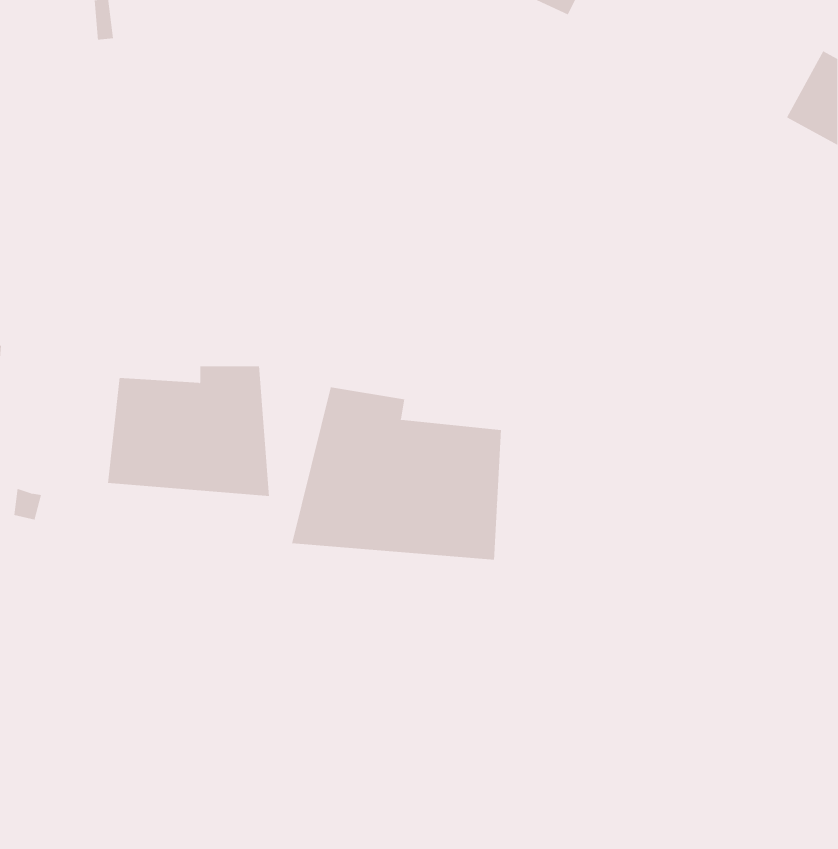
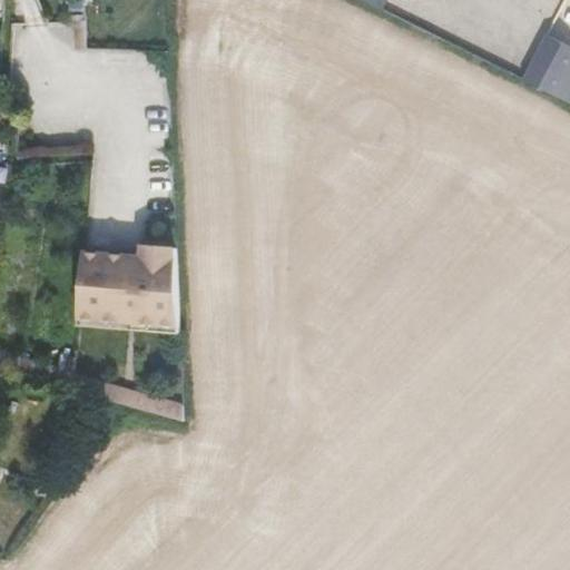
building: [291,387,501,561] -> none

